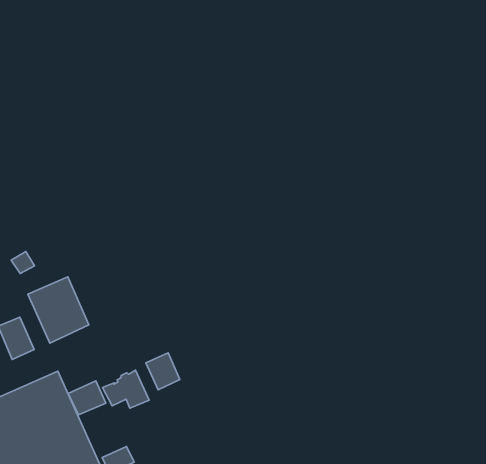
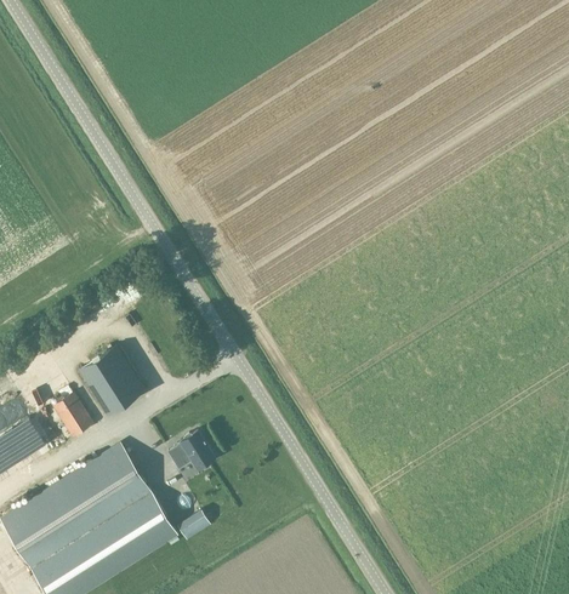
building: [146,353,180,390] -> none
building: [68,381,106,415] -> none

